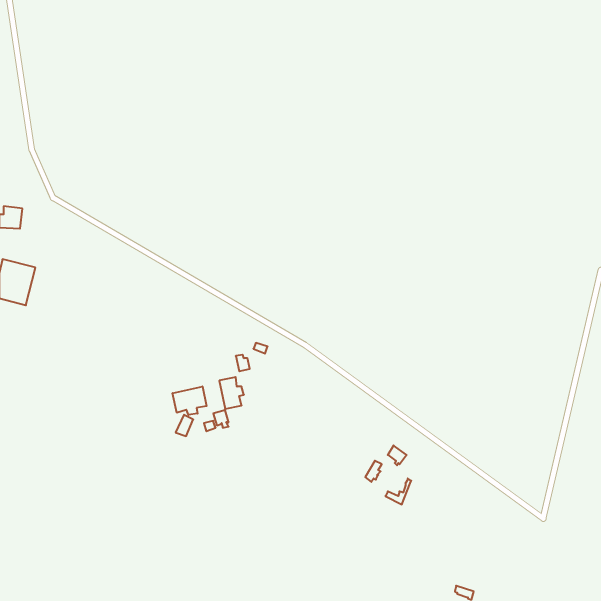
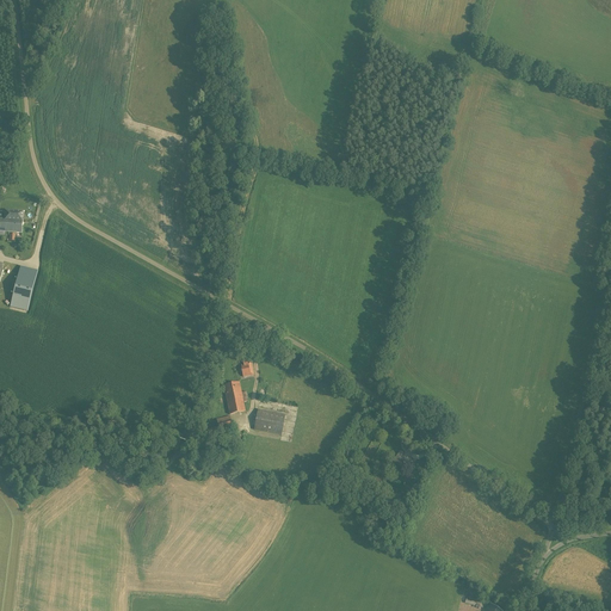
building: [173,386,207,415] -> none
building: none -> [253,408,284,434]

